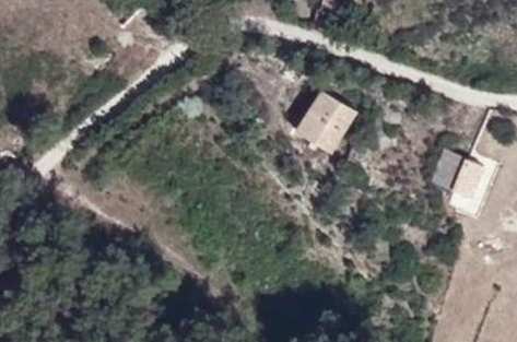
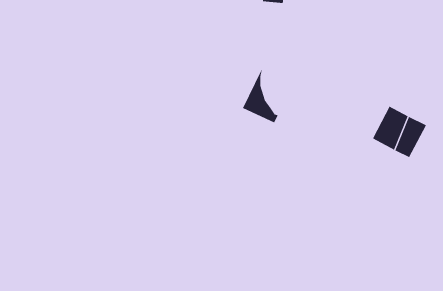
building: [313,91,353,152] -> none

